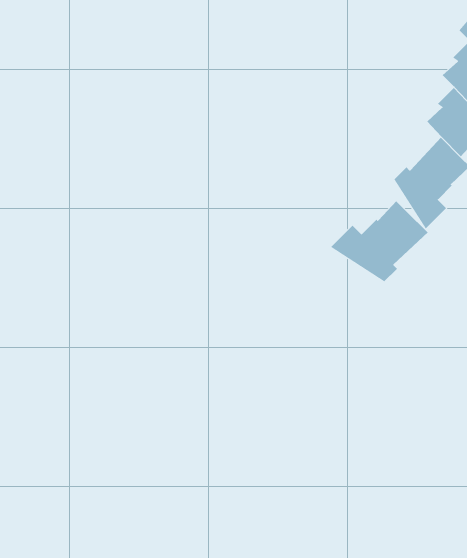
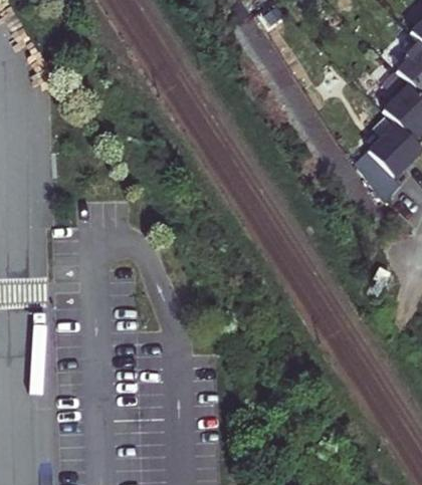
building: [330,200,429,282] -> none

